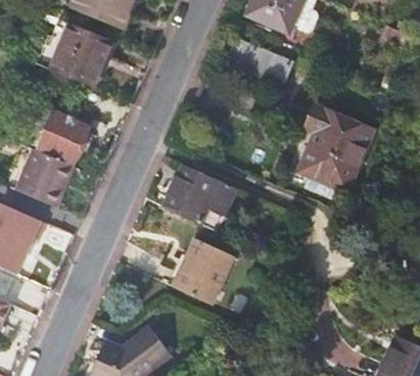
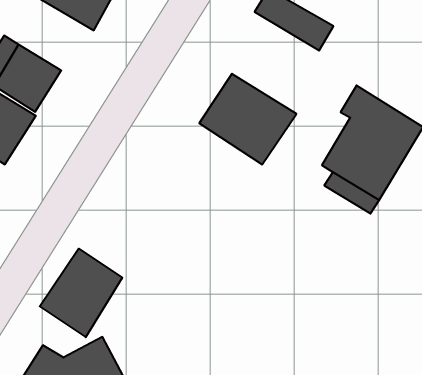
building: [162,165,236,231] -> [199,74,296,164]
building: [171,236,231,303] -> [40,249,122,337]

